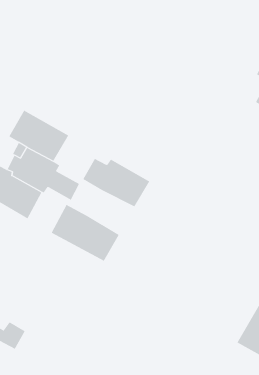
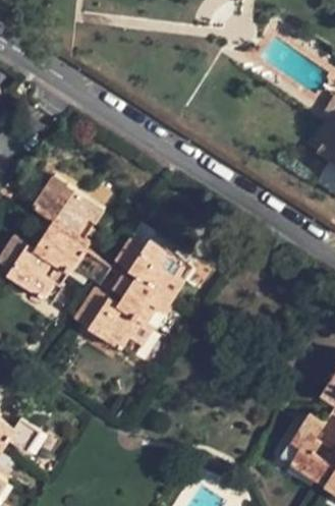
building: none -> [114,274,173,326]

